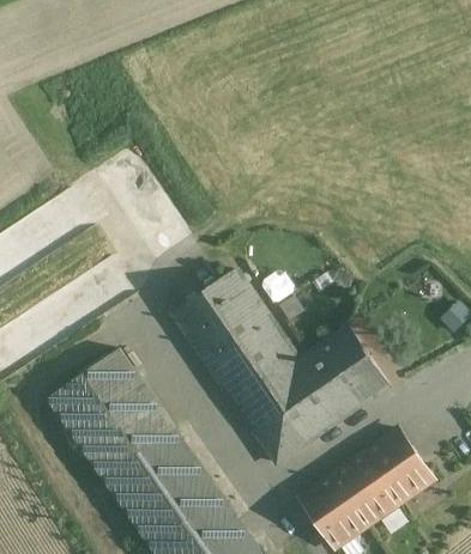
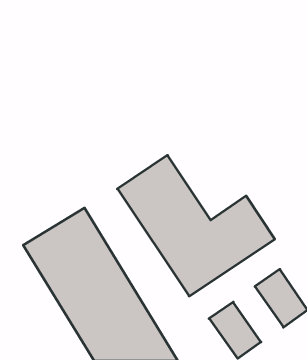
building: [333,450,403,526] -> none

